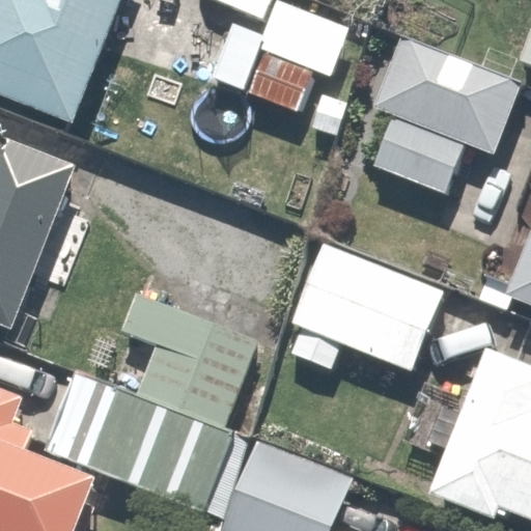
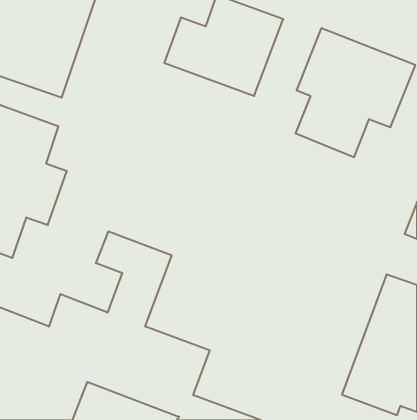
building: [281,244,446,371] -> none

